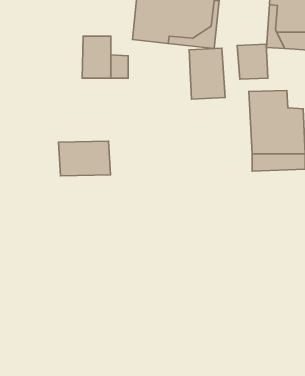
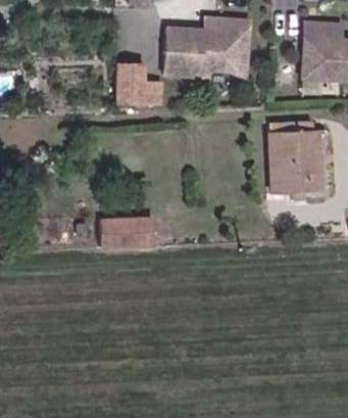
building: [237,44,268,79] -> none
building: [189,48,225,99] -> none
building: [58,141,111,176] -> [108,217,160,251]

